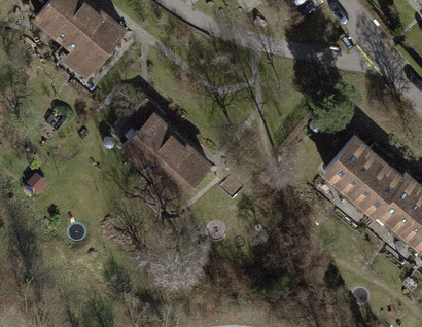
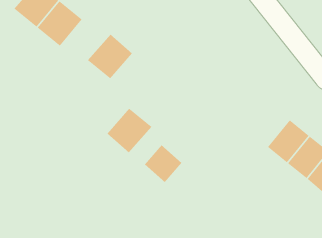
building: [121,117,178,174] -> [87,34,133,79]
building: [325,136,378,190] -> none
building: none -> [144,145,182,183]

